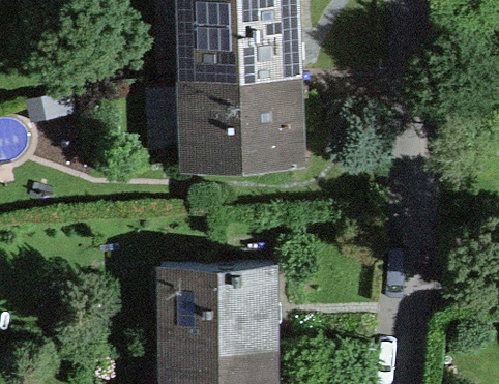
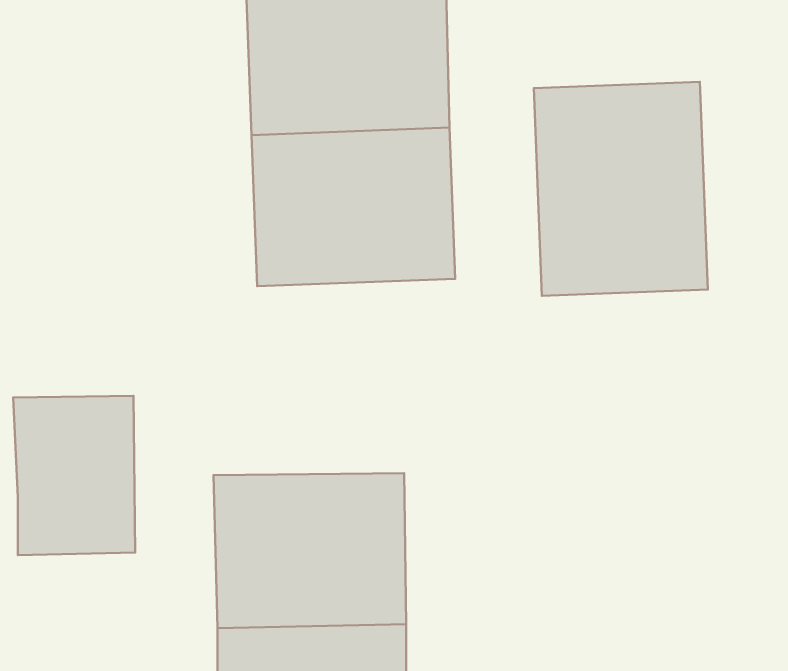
building: none -> [534,82,708,296]
building: none -> [13,396,135,555]

